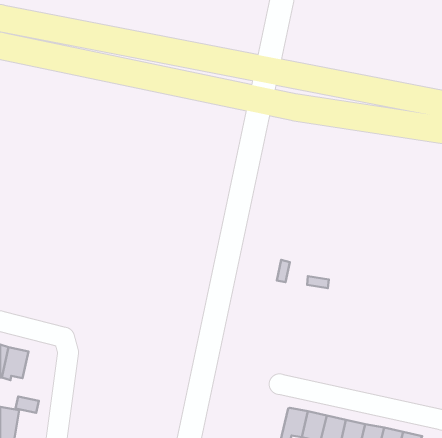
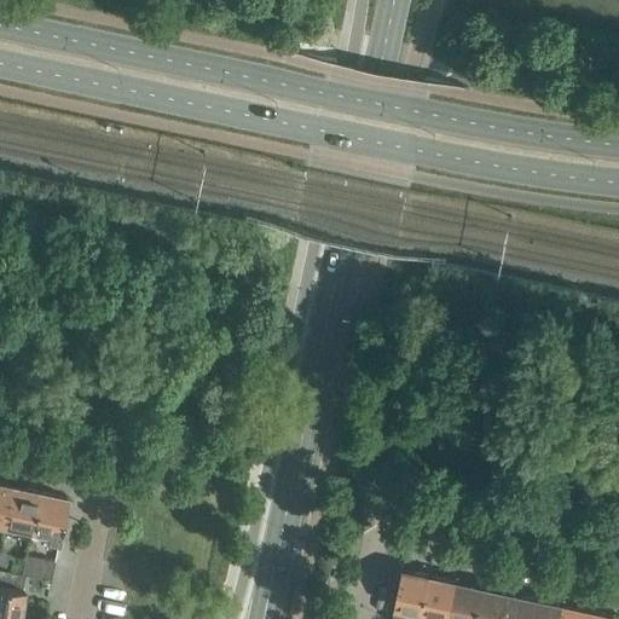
building: none -> [30,497,68,545]

